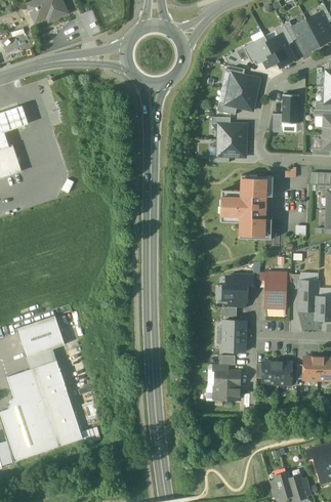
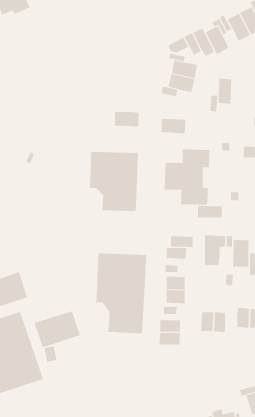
building: [217,124,246,141] -> [114,112,139,127]
building: none -> [90,151,139,212]
building: none -> [197,205,222,218]
building: none -> [96,252,147,334]
building: none -> [34,311,80,348]

